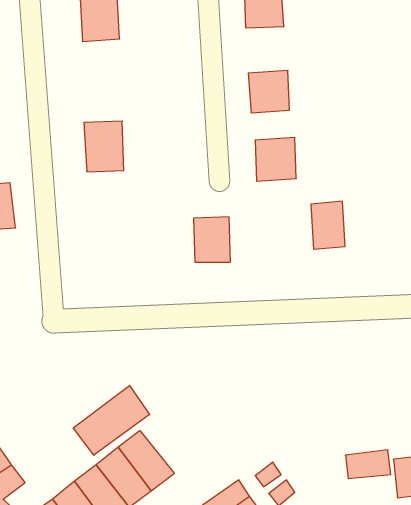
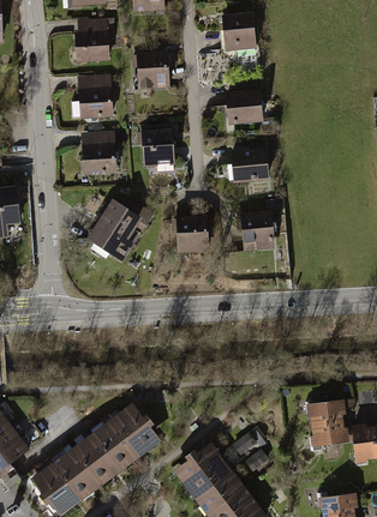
building: none -> [138,54,163,88]
building: none -> [77,77,113,121]
building: none -> [142,131,174,170]
building: none -> [84,197,139,254]
building: [311,201,345,249] -> [240,210,270,252]
building: [73,385,150,455] -> none
building: none -> [307,398,347,425]

